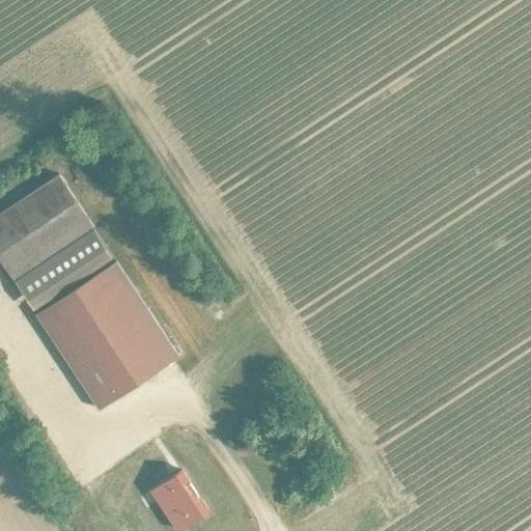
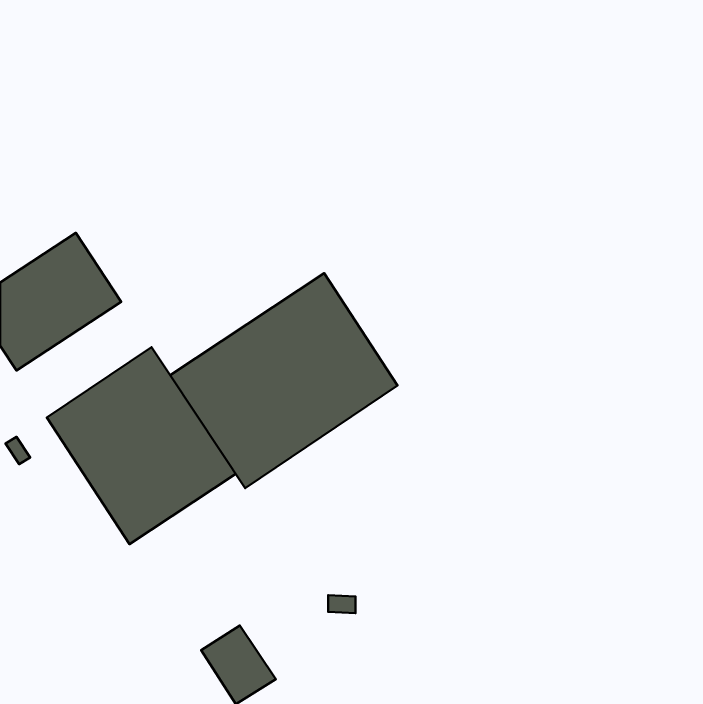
building: none -> [170,273,398,488]
building: [13,227,112,309] -> none

